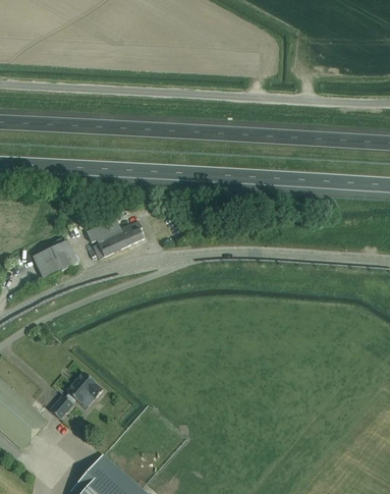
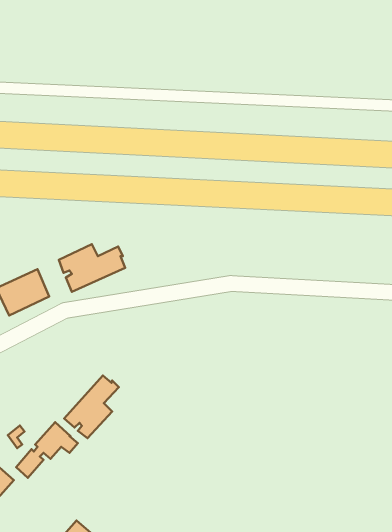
building: none -> [64,375,119,438]

